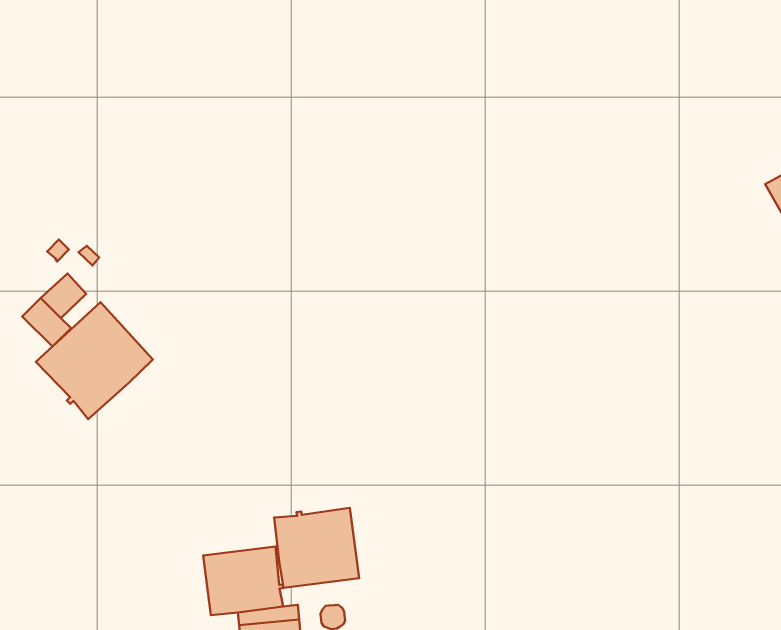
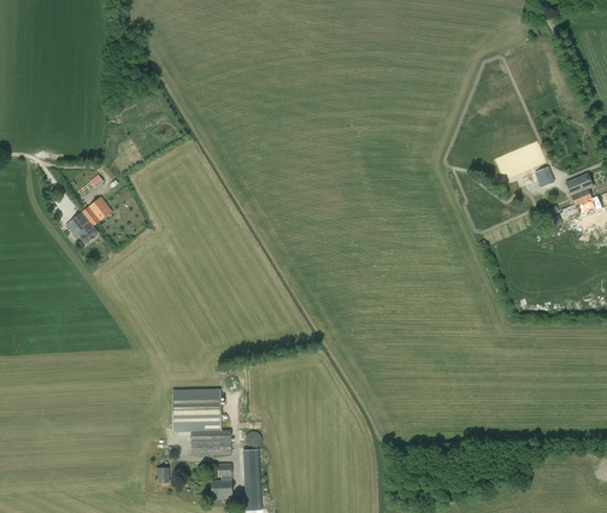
building: [36,302,153,419] -> none
building: [274,508,359,588] -> none

